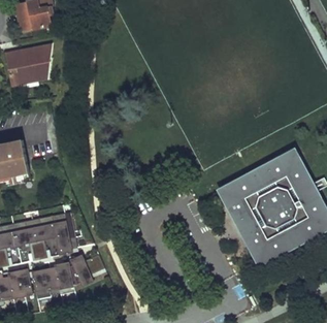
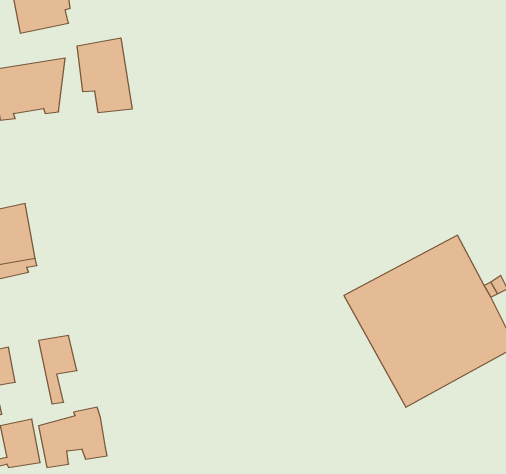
building: none -> [77,38,132,113]
building: [52,213,78,255] -> none
building: [14,220,41,261] -> none
building: [69,255,104,287] -> none

